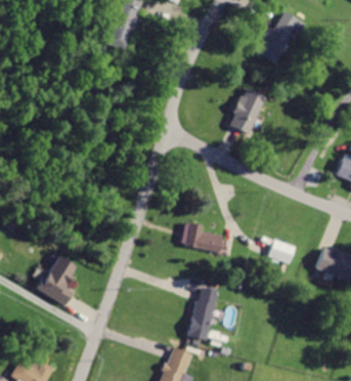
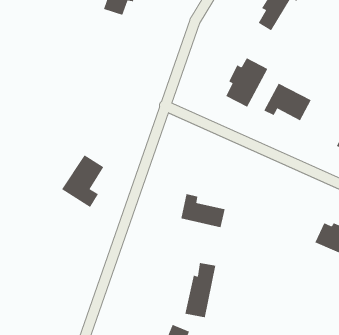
building: none -> [263,83,311,121]
building: [268,240,296,264] -> none
building: [35,254,77,306] -> [61,154,104,208]

